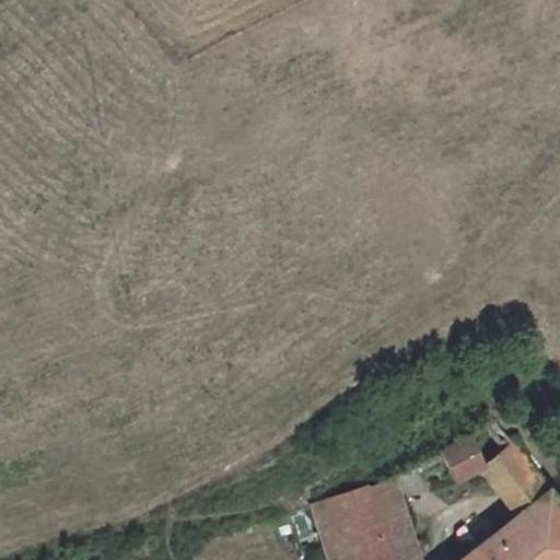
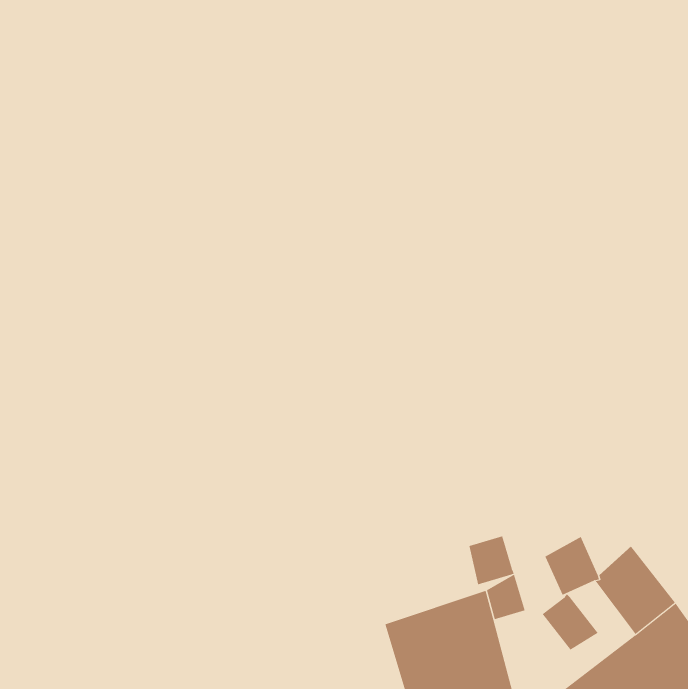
building: none -> [469,535,515,585]
building: none -> [542,593,599,650]

